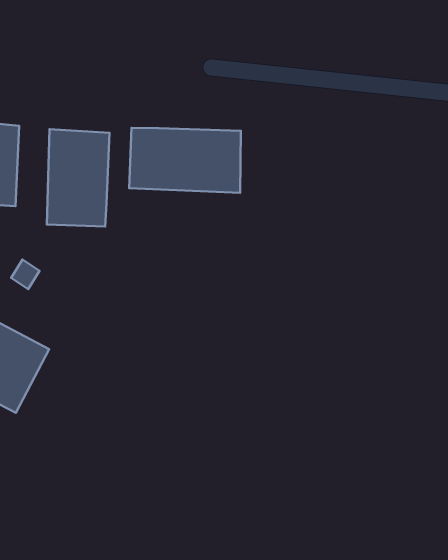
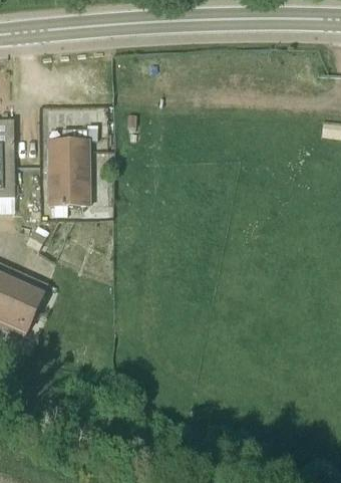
building: [129,128,241,193] -> none

